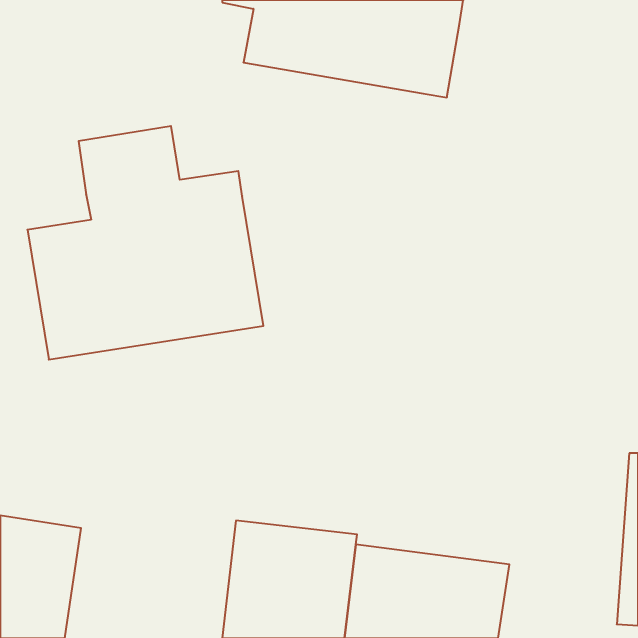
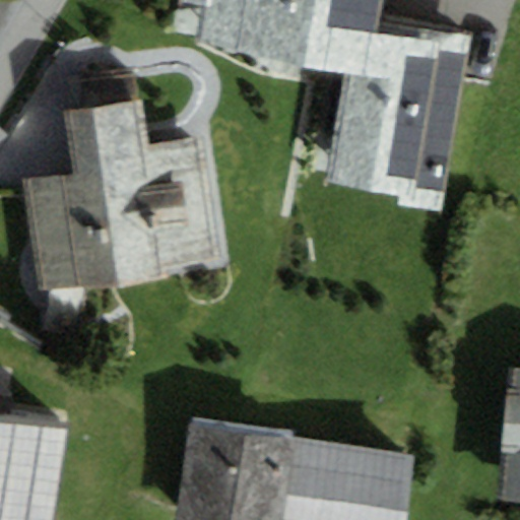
building: none -> [325,19,470,212]

